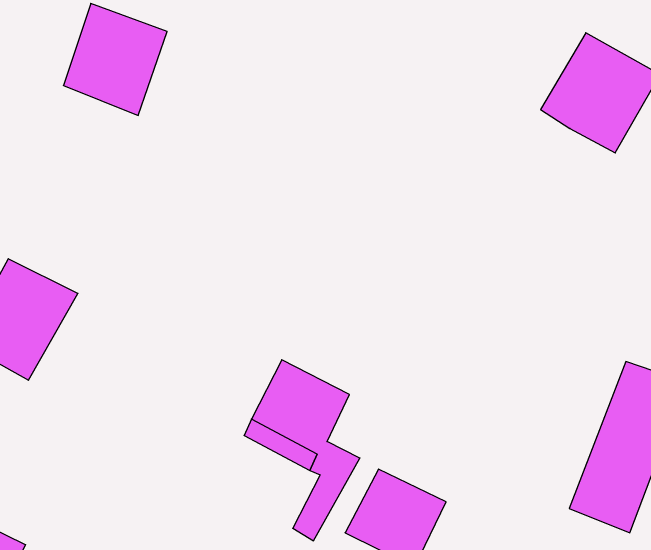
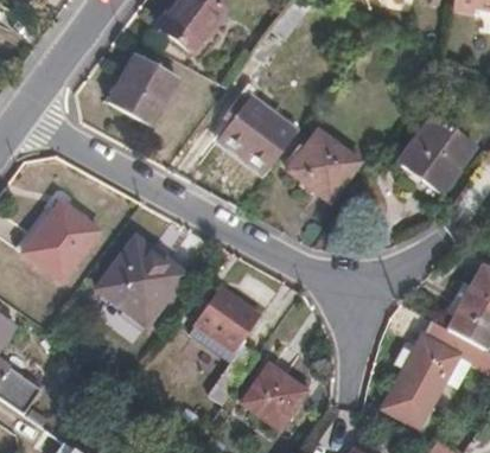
building: none -> [217,83,298,176]
building: none -> [287,129,356,198]
building: none -> [95,241,182,325]

